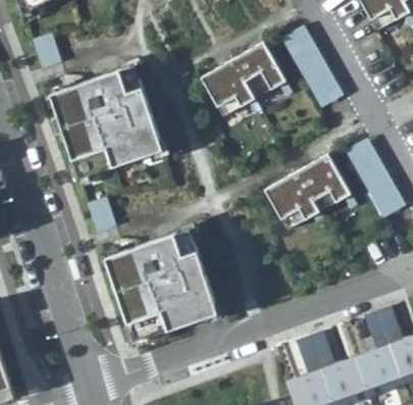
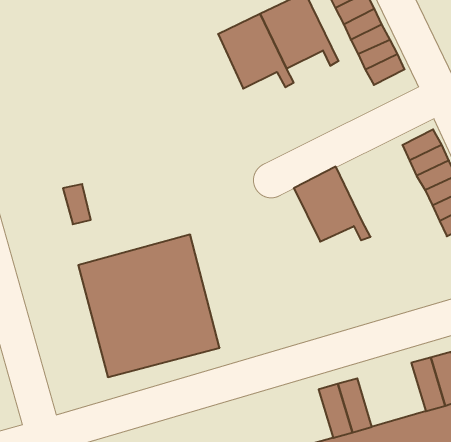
building: [51,65,163,179] -> none
building: [296,153,357,211] -> none

